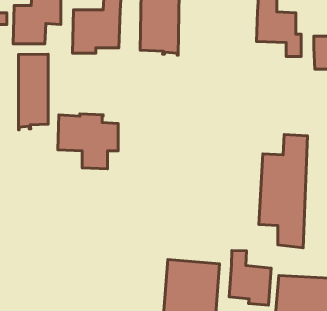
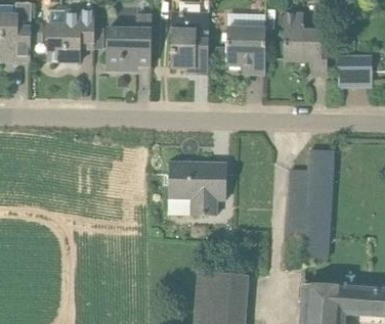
building: none -> [226,26,266,73]
building: [18,54,48,130] -> none
building: [58,114,118,169] -> [168,161,226,215]
building: [229,250,271,305] -> none

